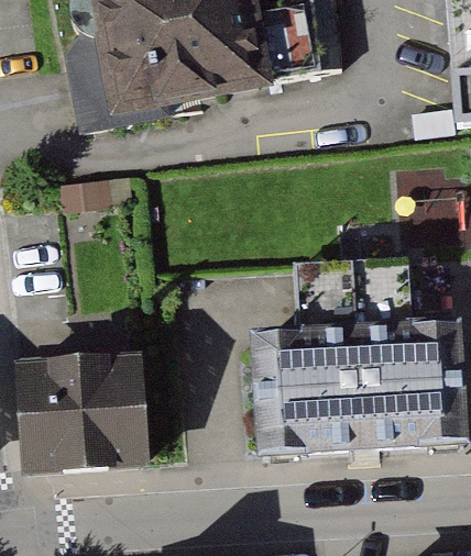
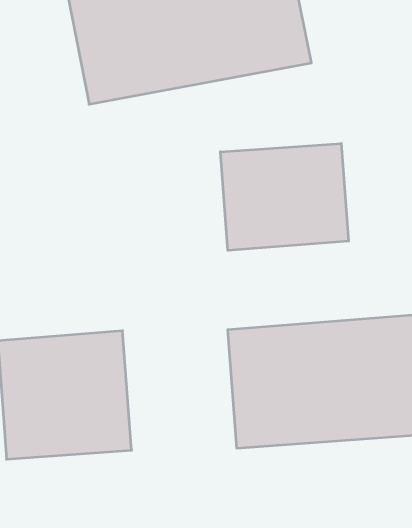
building: none -> [220,143,349,250]

